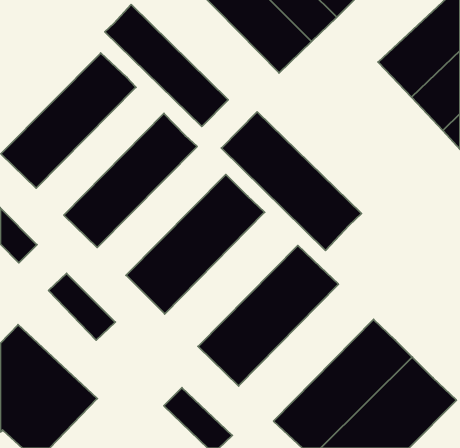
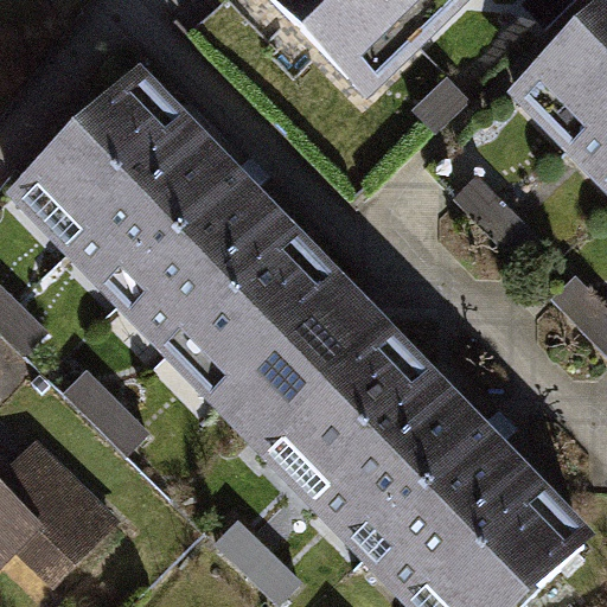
building: [105,5,228,126] -> none
building: none -> [47,115,216,283]
building: [221,112,361,250] -> none
building: none -> [128,193,298,363]
building: none -> [217,280,392,456]
building: none -> [314,375,492,555]

